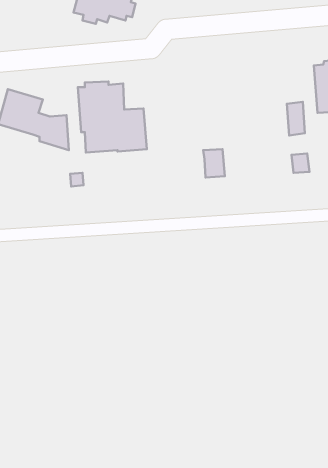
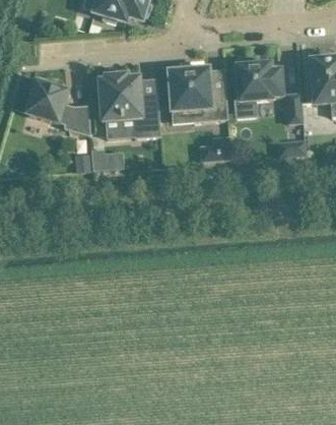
building: none -> [232,59,282,118]
building: none -> [167,65,227,122]

